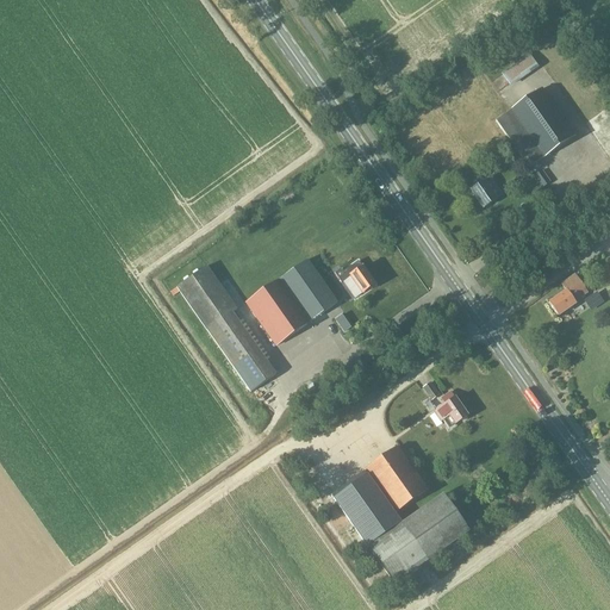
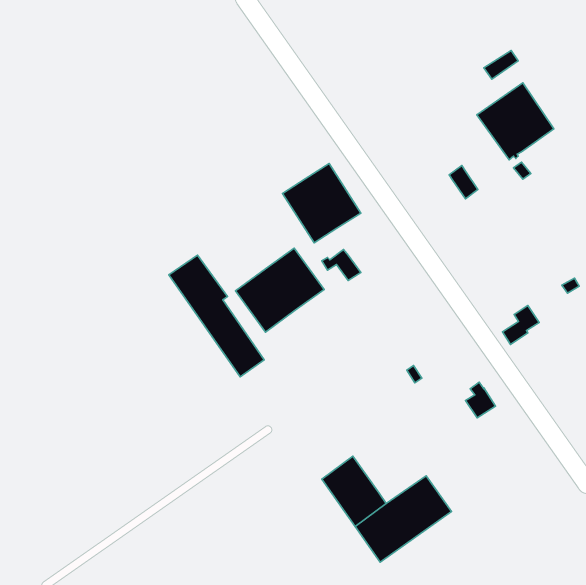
building: none -> [282,164,361,243]
building: [549,273,587,313] -> [503,305,539,344]
building: [436,388,467,425] -> [466,382,495,418]
building: [365,444,429,511] -> none

